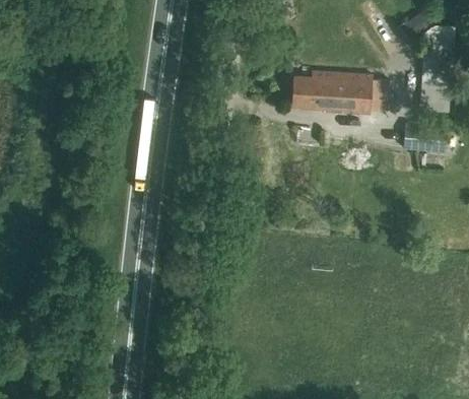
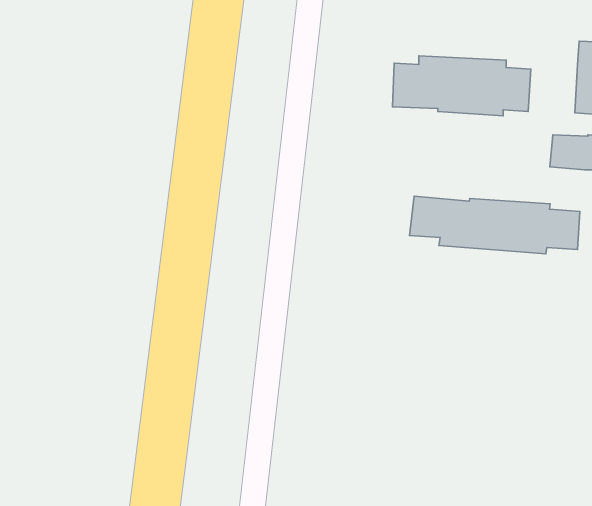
building: none -> [410,196,580,254]

